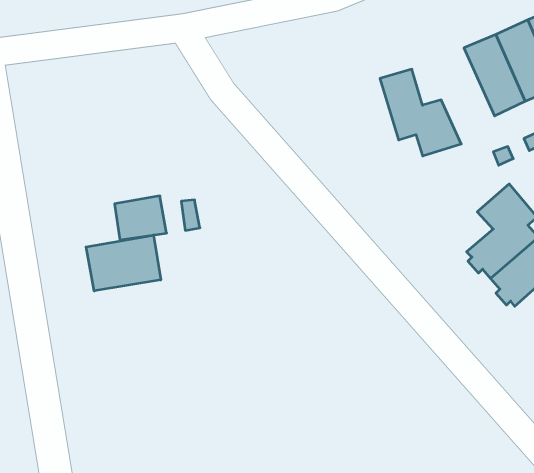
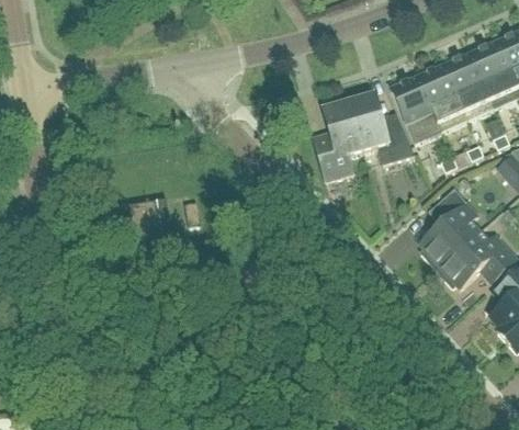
building: none -> [391,75,442,143]
building: none -> [313,100,363,180]
building: [86,235,161,291] -> none

